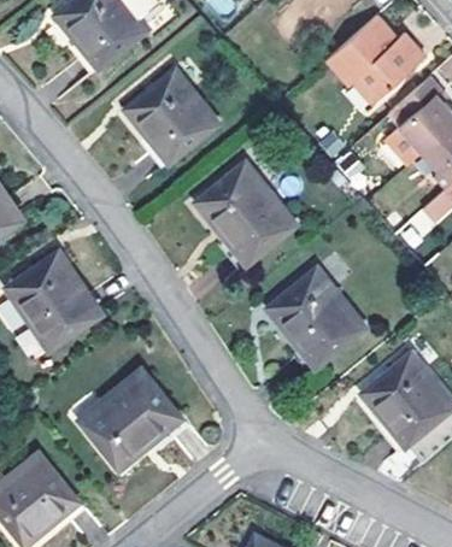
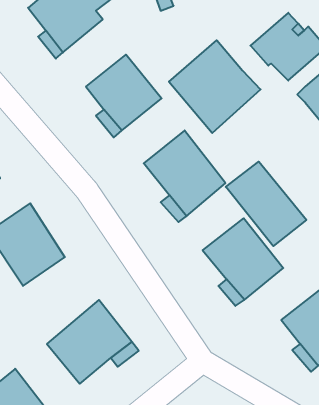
building: none -> [169,40,261,133]
building: none -> [226,162,306,246]

